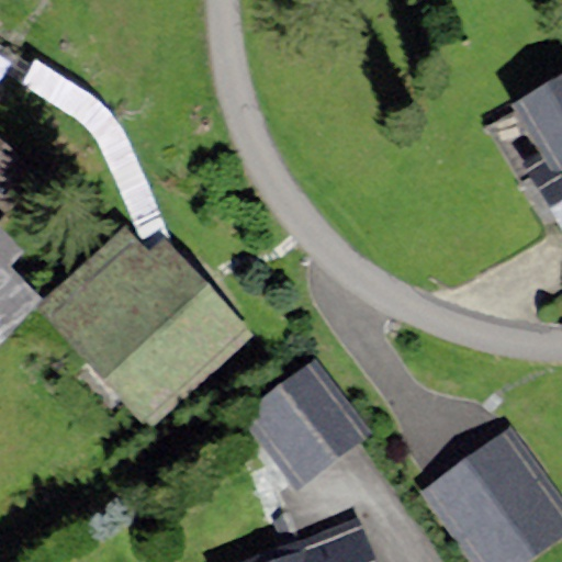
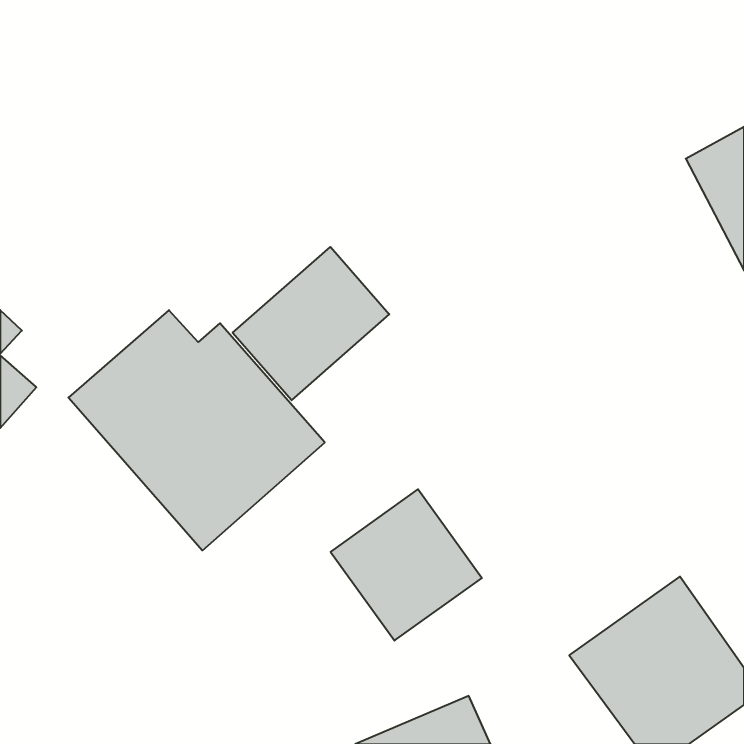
building: none -> [233,247,389,400]

